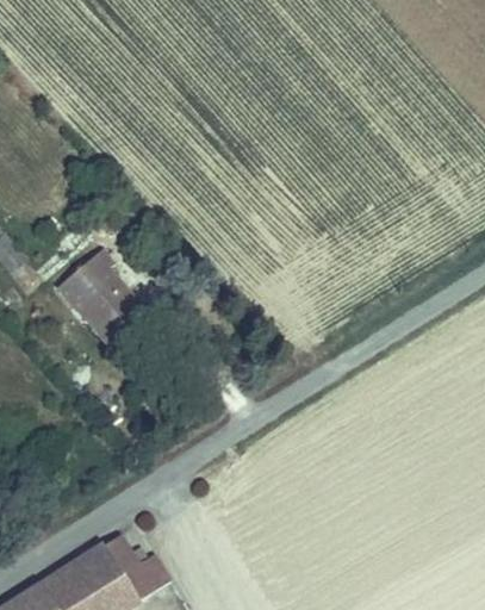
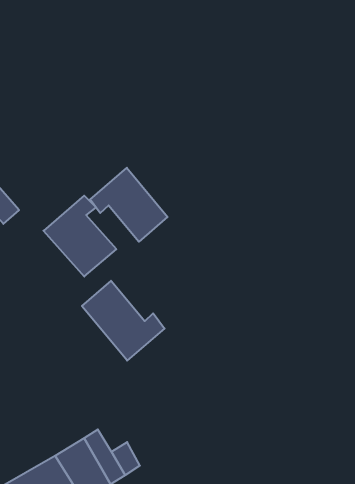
building: none -> [90,168,168,242]
building: none -> [82,281,165,361]

